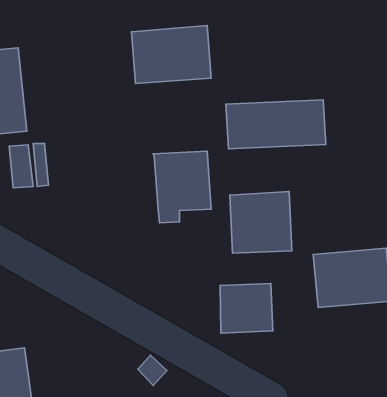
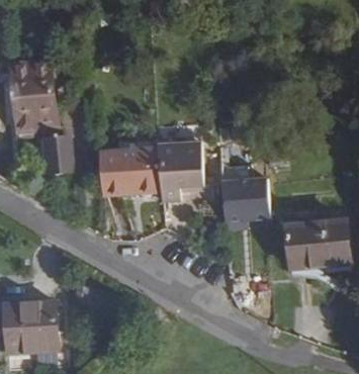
building: [132,25,211,83] -> [98,148,162,194]
building: [226,100,326,149] -> none
building: [220,283,273,333] -> none

